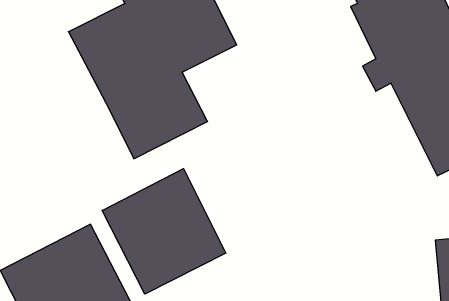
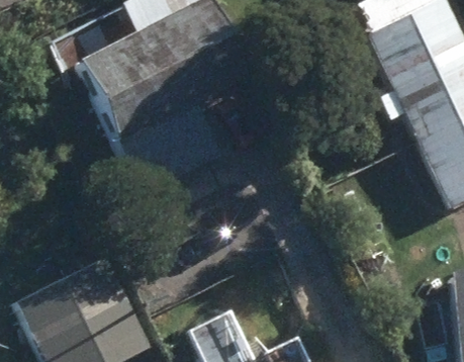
building: [102,169,226,294] -> none

